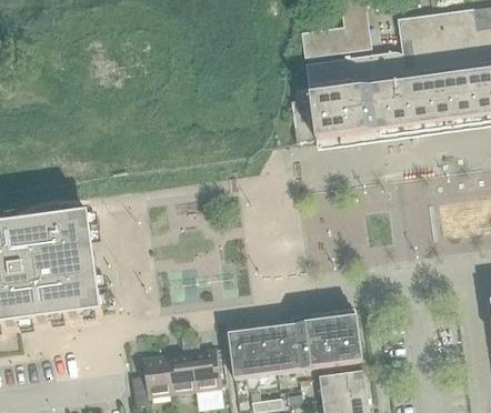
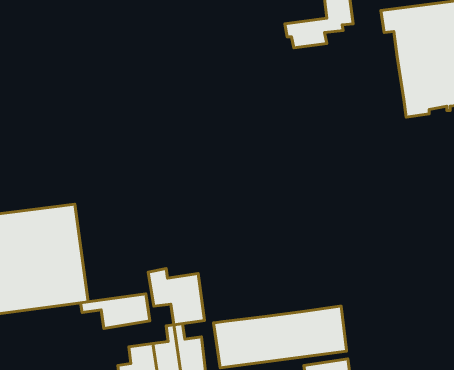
building: [290,50,420,143] -> none
building: none -> [148,268,205,325]
building: none -> [81,294,150,328]

